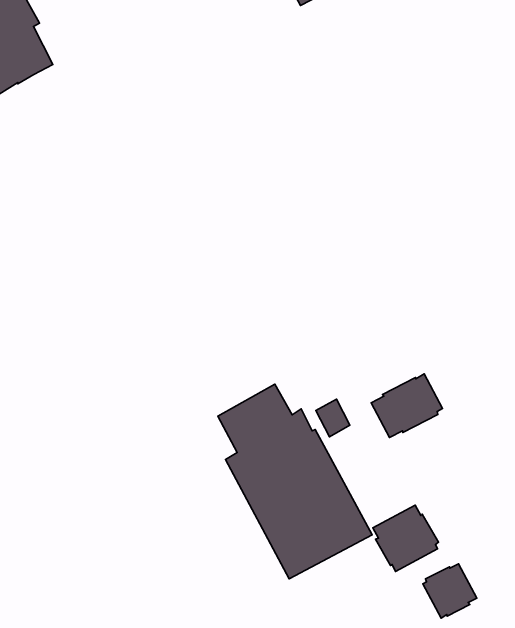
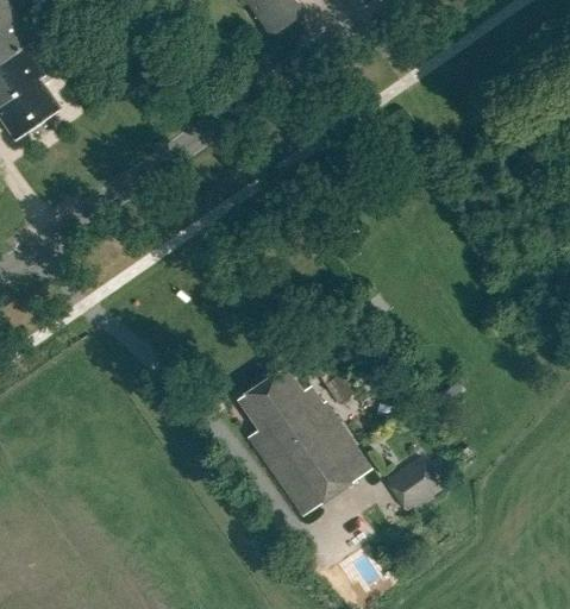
building: [371,374,443,438] -> none
building: [423,564,477,618] -> none

